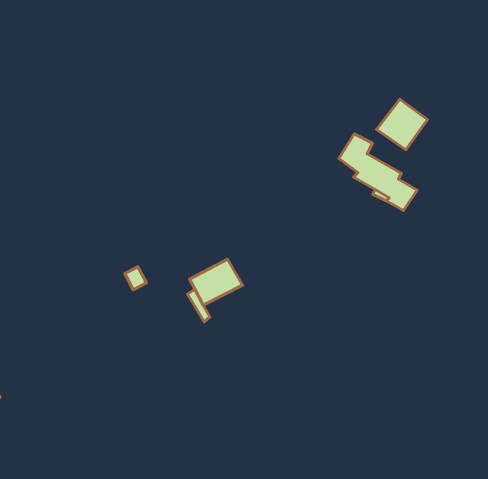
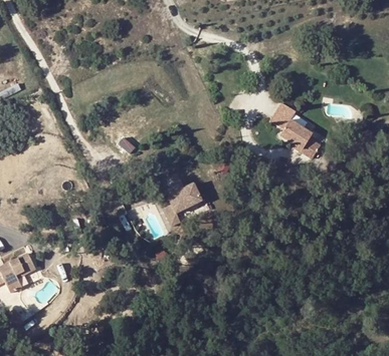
building: [377,99,428,150] -> none

